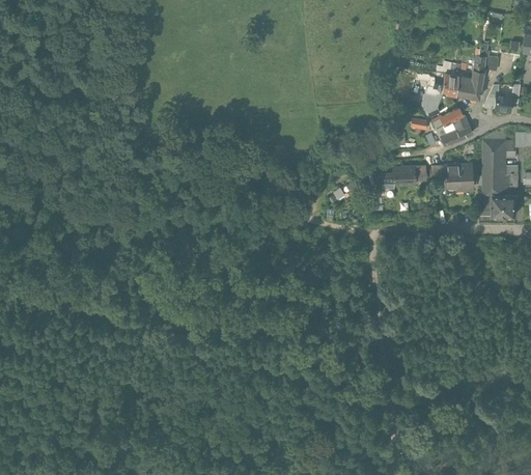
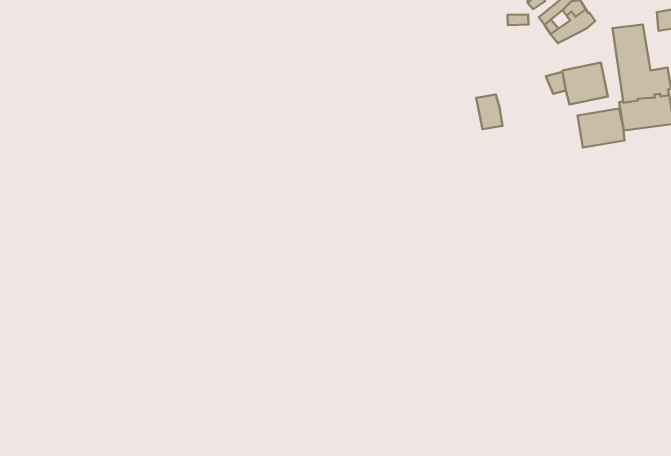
building: [395,165,427,183] -> none
building: none -> [578,108,624,147]

